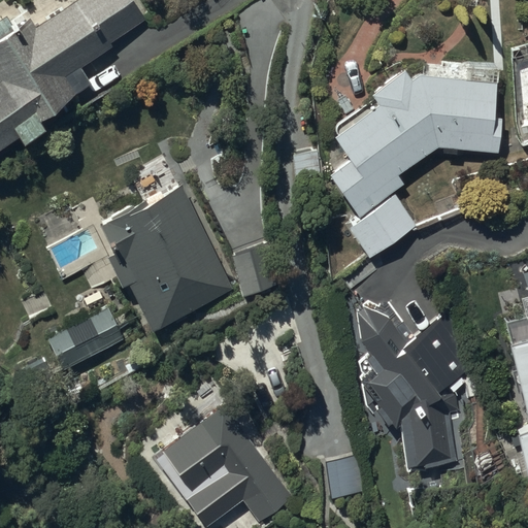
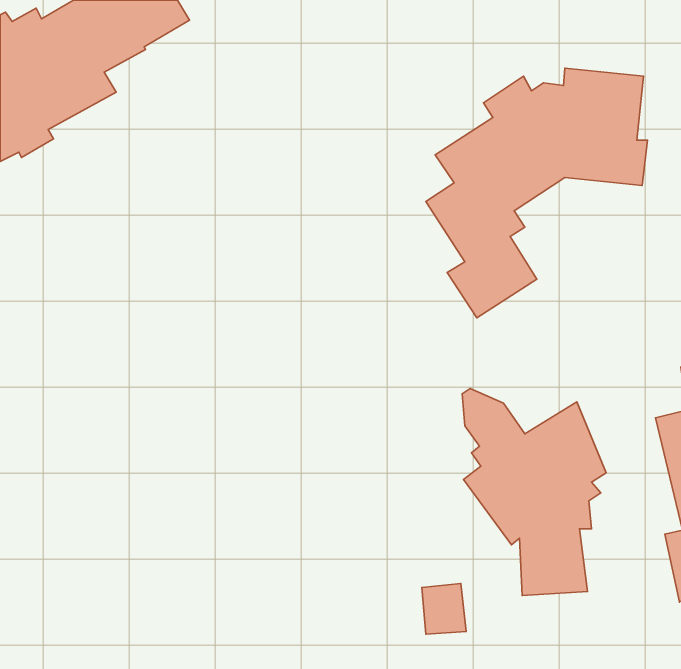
building: [100,180,232,328] -> none
building: [52,308,123,367] -> none
building: [161,407,290,523] -> none

